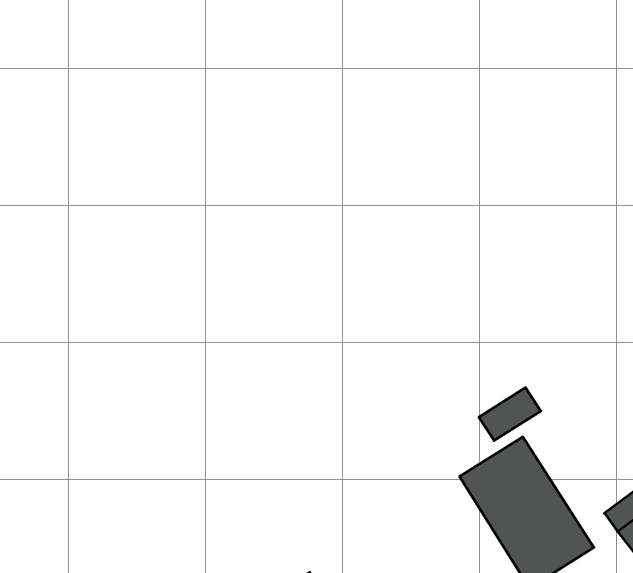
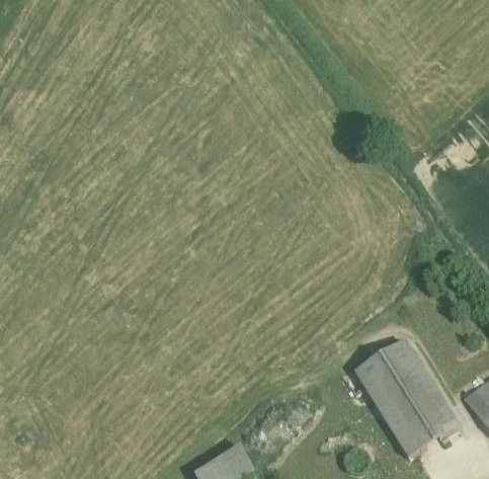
building: [479,388,541,441] -> none

